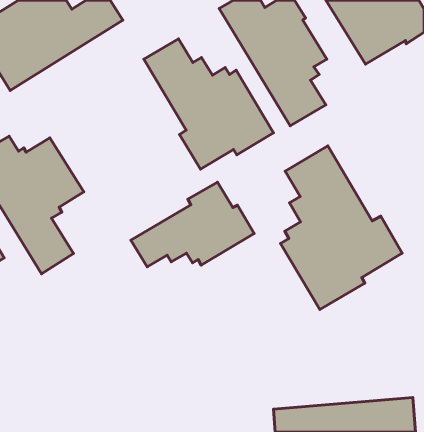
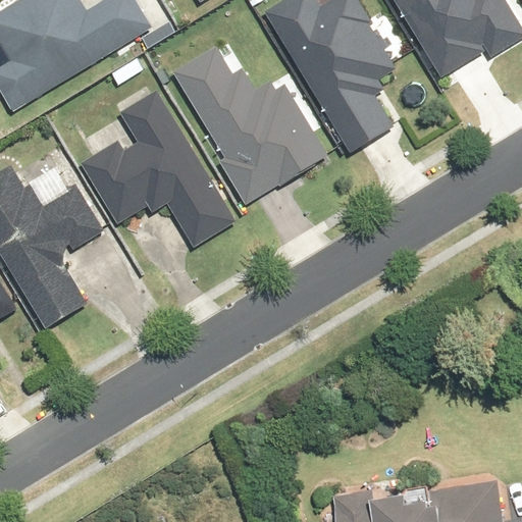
building: none -> [81,91,236,249]
building: [280,146,402,310] -> none
building: [131,182,254,267] -> none

